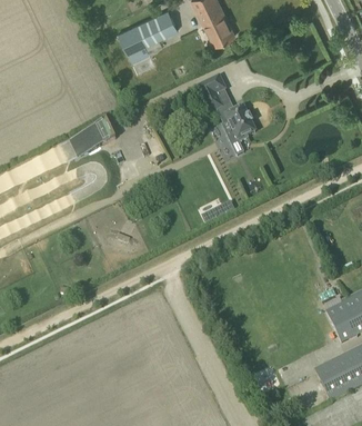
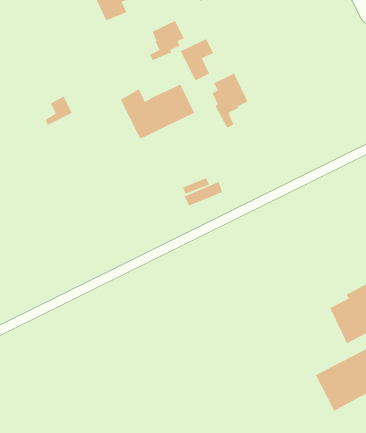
building: none -> [149,20,185,61]
building: none -> [120,84,195,140]

